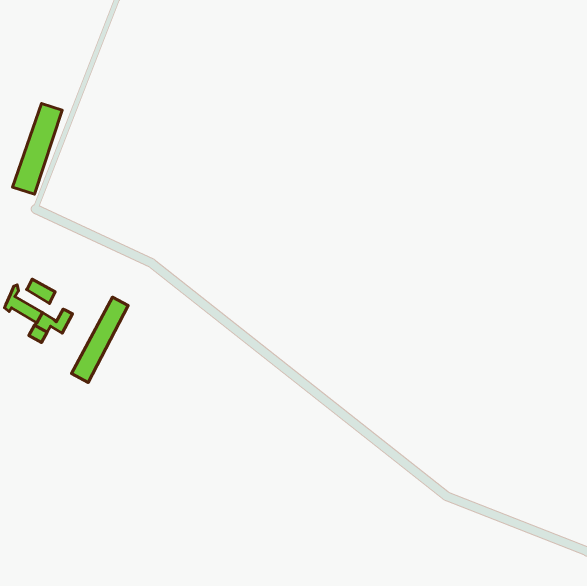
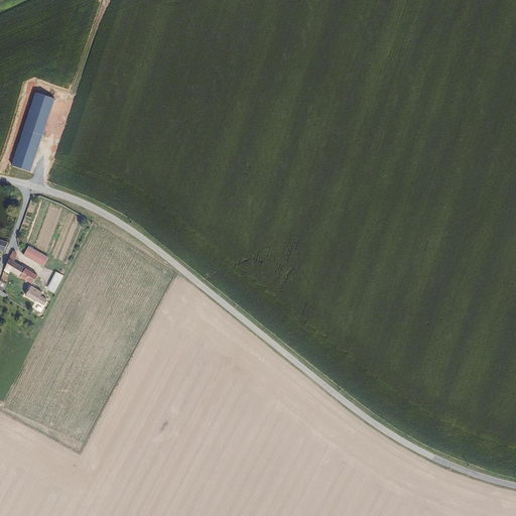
building: [72,297,128,383] -> none

